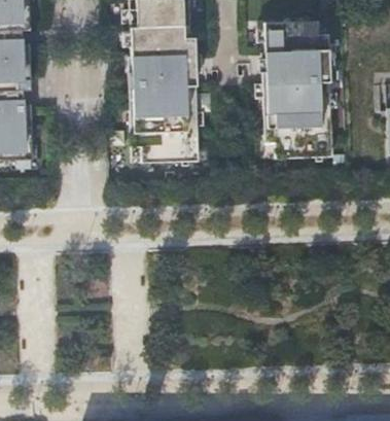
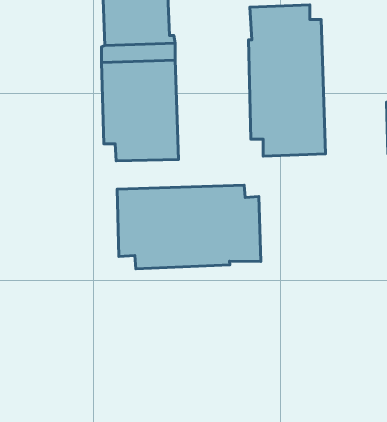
building: none -> [117,185,261,269]

